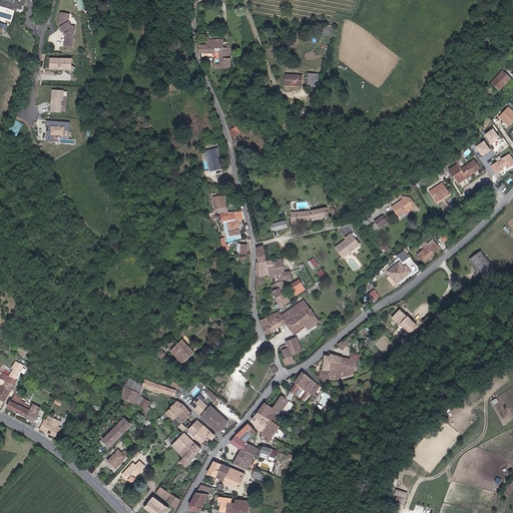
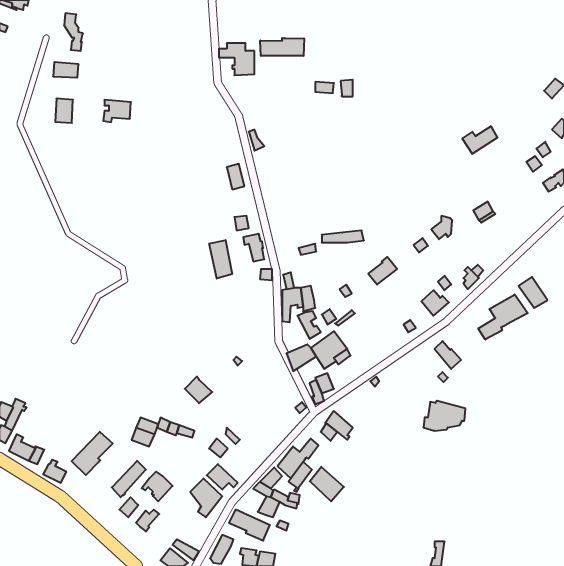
building: none -> [260,38,304,56]
building: [45,120,70,140] -> [103,100,131,122]
building: [449,158,481,183] -> [462,126,498,154]
building: none -> [209,240,232,279]
building: none -> [478,294,528,340]
building: [319,354,357,381] -> [423,401,465,431]
building: none -> [72,432,113,475]
building: [163,401,191,428] -> [142,472,173,501]
building: [200,406,228,433] -> none
building: none -> [310,467,344,501]

